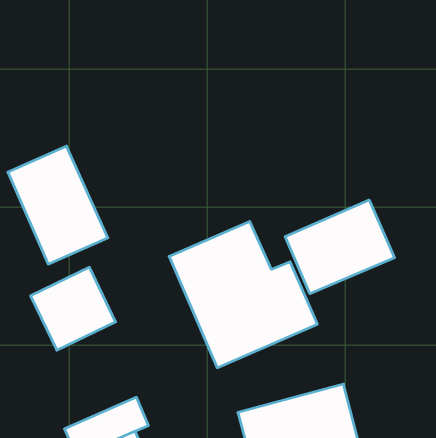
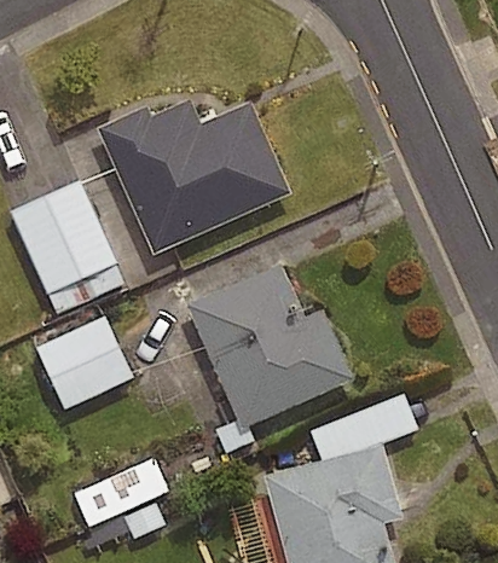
building: none -> [97,99,291,254]
building: [285,200,394,294] -> none

